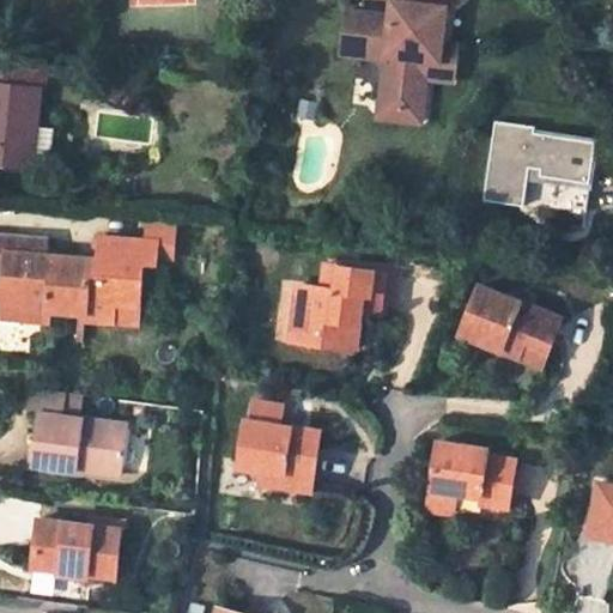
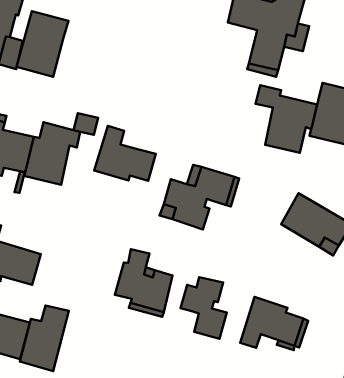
building: none -> [17,11,68,77]
building: none -> [255,85,317,153]
building: none -> [94,126,156,181]
building: none -> [180,277,227,339]
building: none -> [20,306,69,371]

